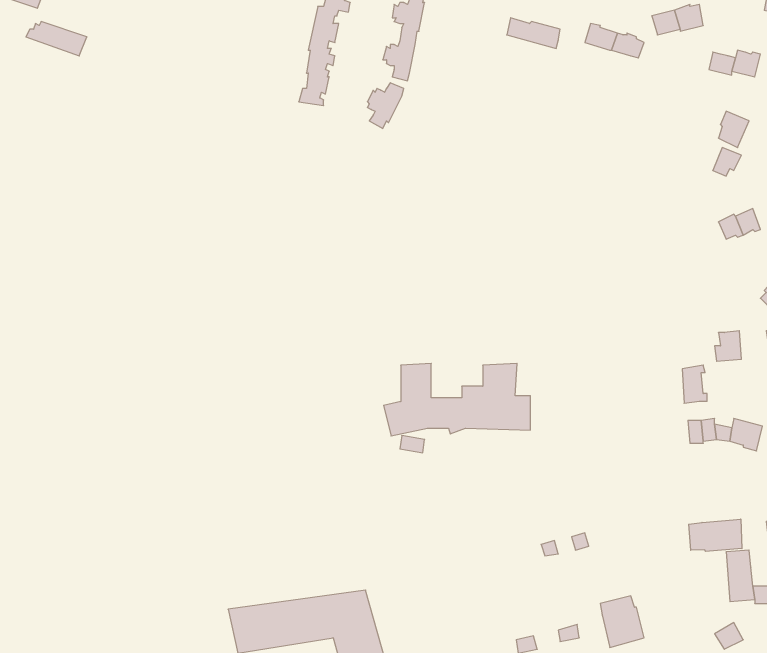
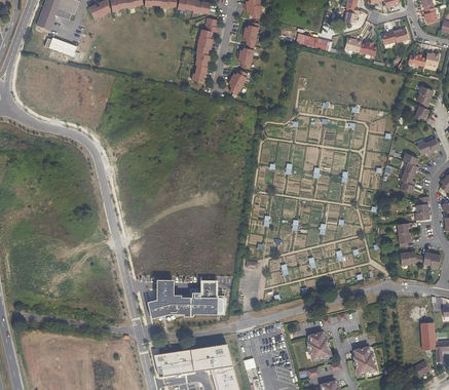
building: none -> [400,153,418,192]
building: [384,363,530,436] -> [145,278,224,317]
building: [689,519,742,551] -> none
building: none -> [306,332,330,359]

